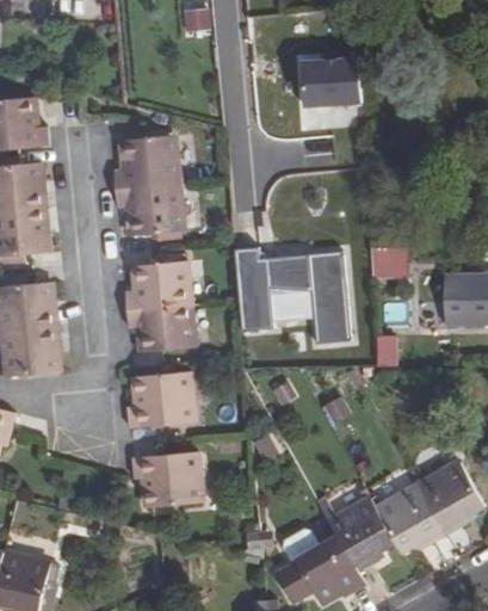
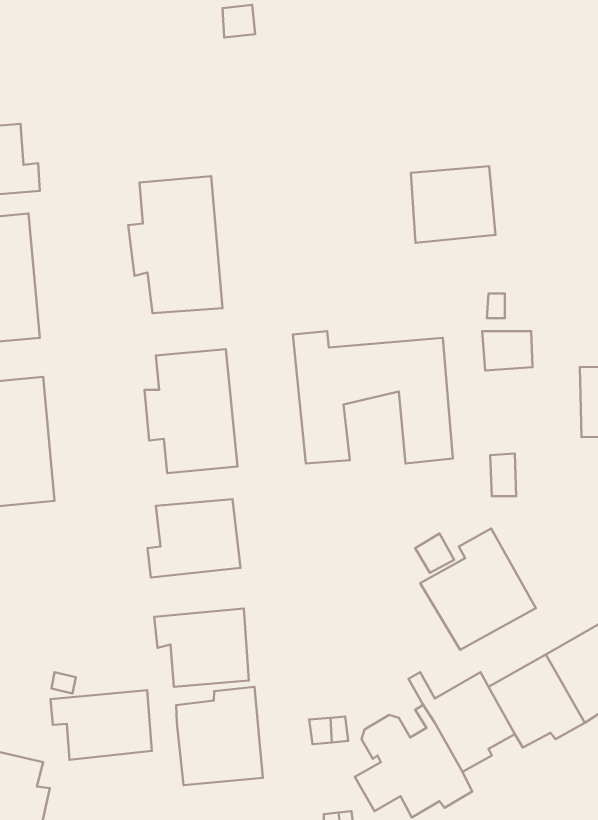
building: [302,55,364,111] -> [411,166,496,243]
building: none -> [420,529,536,650]
building: none -> [176,687,263,785]
building: none -> [50,690,152,760]

